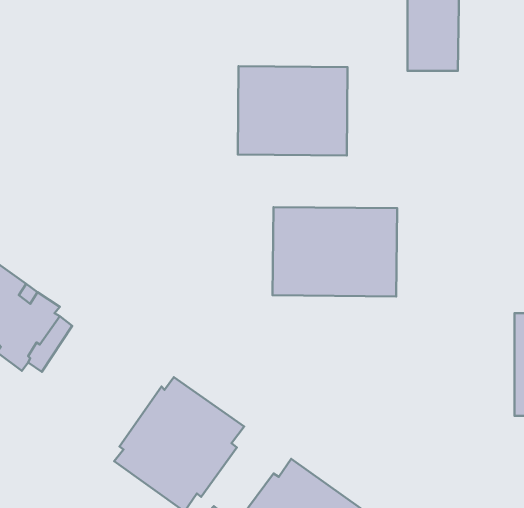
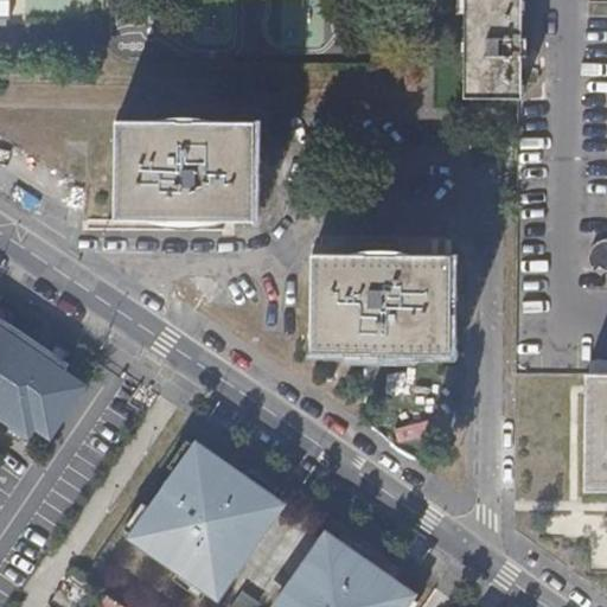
building: [238,66,347,156] -> none
building: none -> [116,122,256,222]

